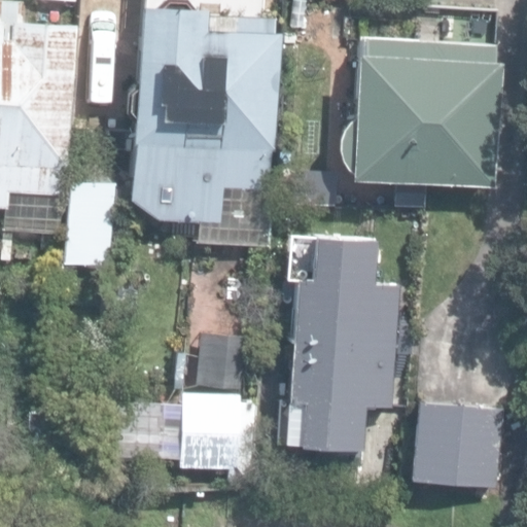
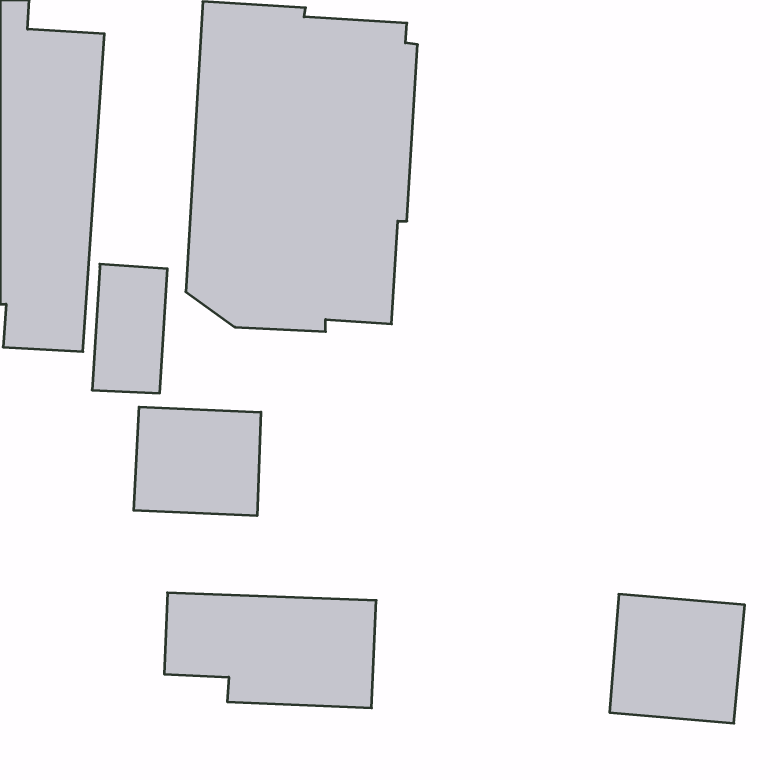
building: [349,38,498,185] -> none
building: [286,236,401,469] -> none
building: none -> [134,407,261,516]

